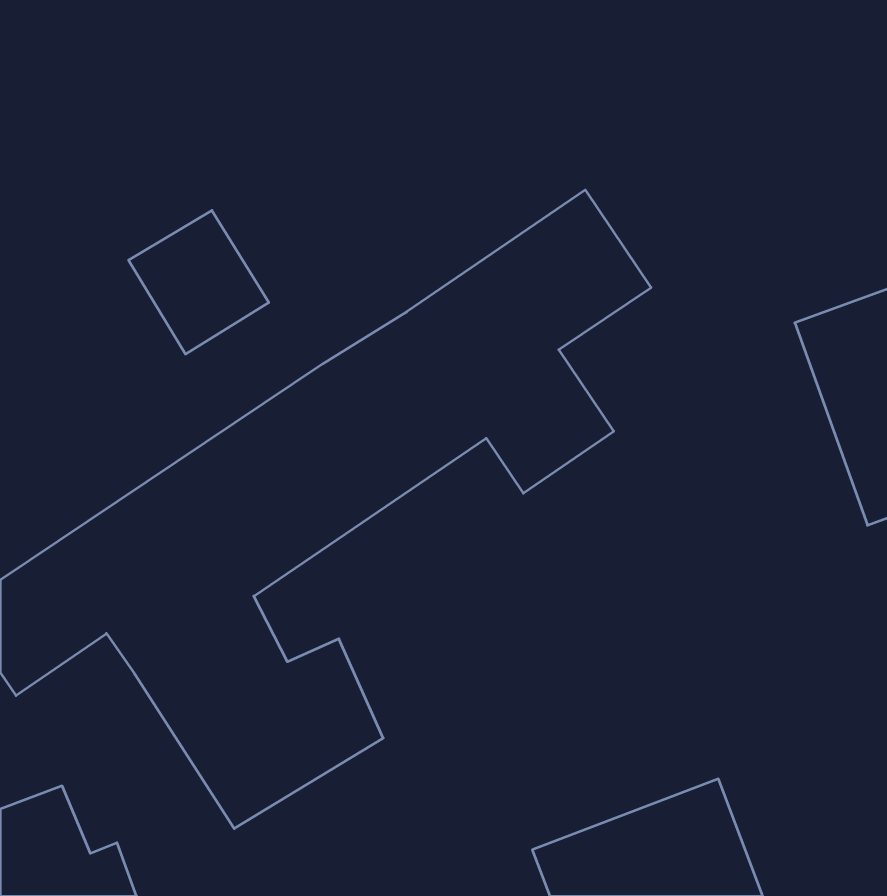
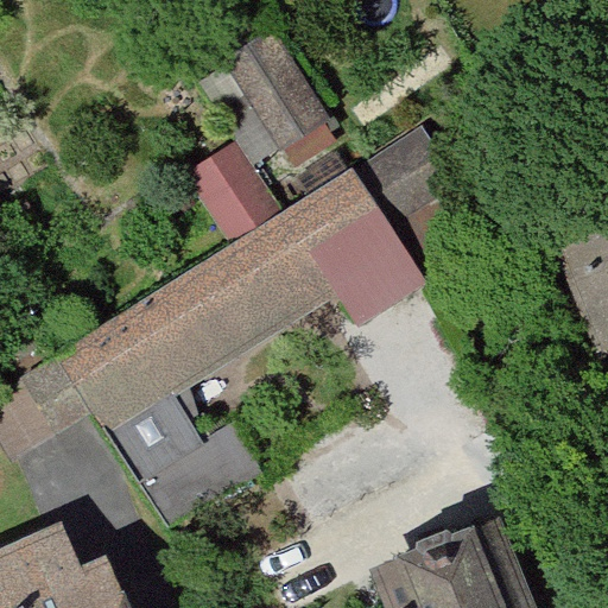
building: none -> [230,36,334,154]
building: [129,210,269,354] -> [191,147,285,243]

